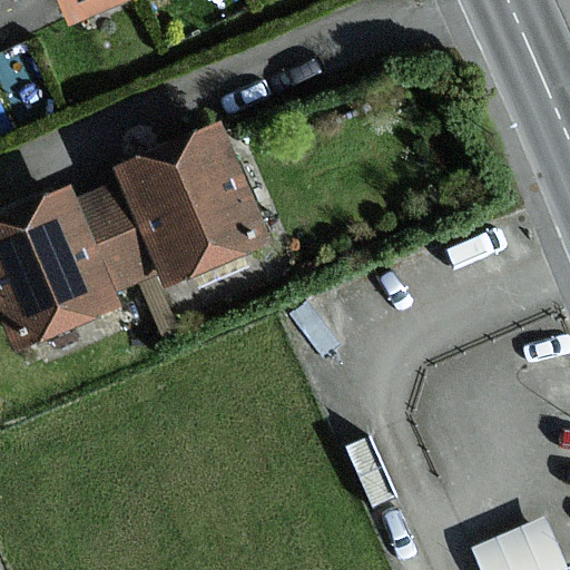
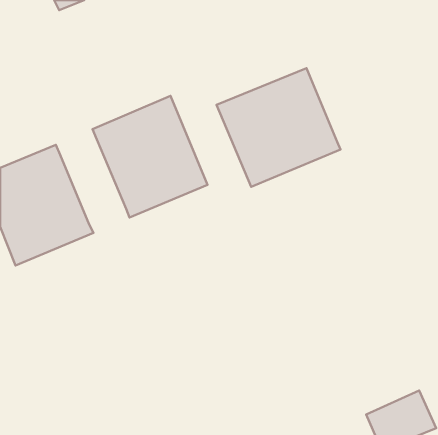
building: none -> [216,68,341,187]
building: [78,185,164,295] -> none

